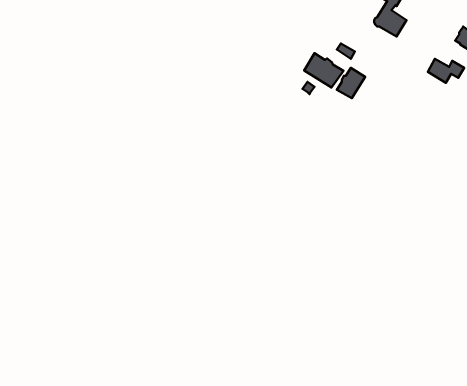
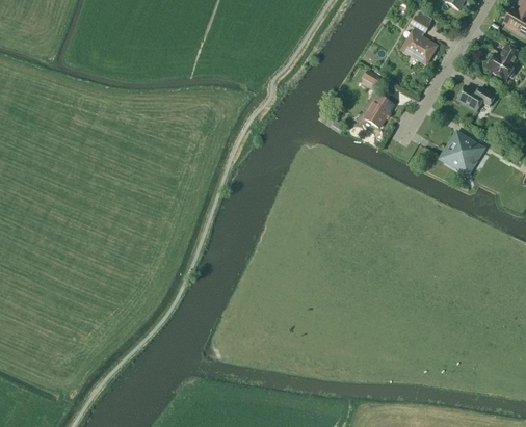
building: [304,53,343,87] -> none
building: none -> [441,131,483,174]

